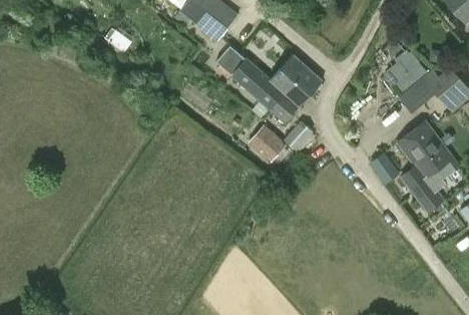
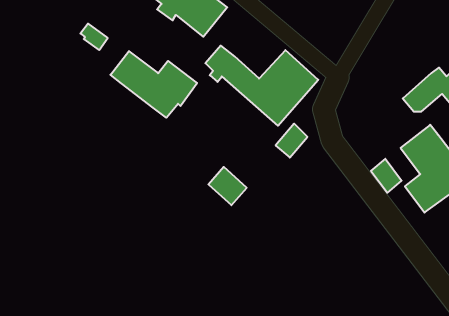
building: none -> [110,51,197,118]
building: [382,60,425,92] -> none
building: [251,127,286,163] -> [208,167,247,205]

